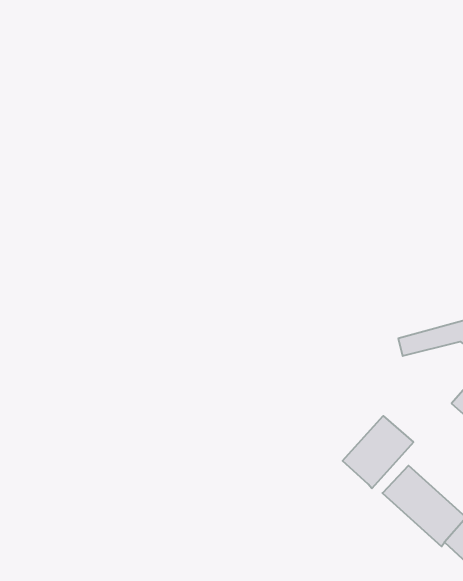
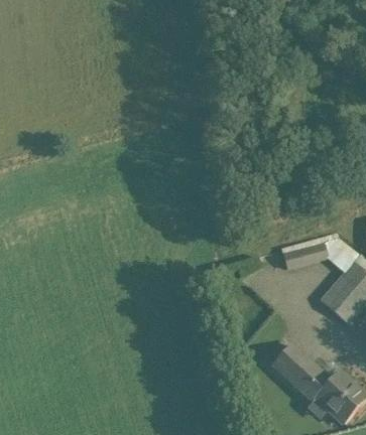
building: [343,416,413,488] -> none

